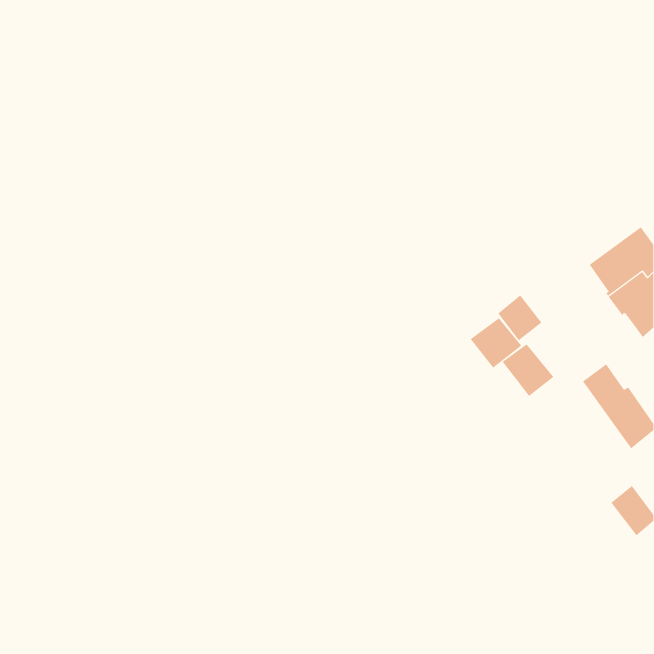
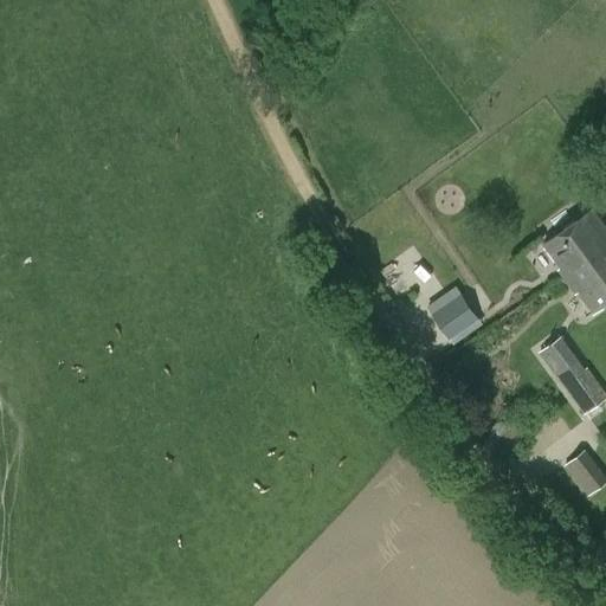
building: [498,295,542,341] -> none
building: [502,343,554,397] -> none

